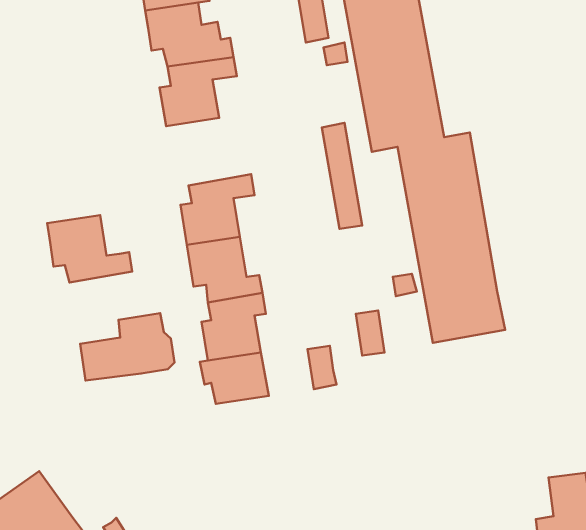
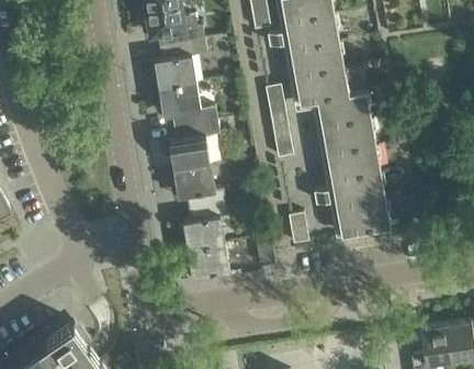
building: [47,215,132,283] -> [159,82,217,128]
building: [80,313,174,380] -> none

